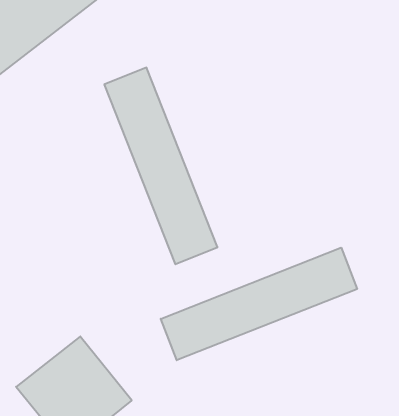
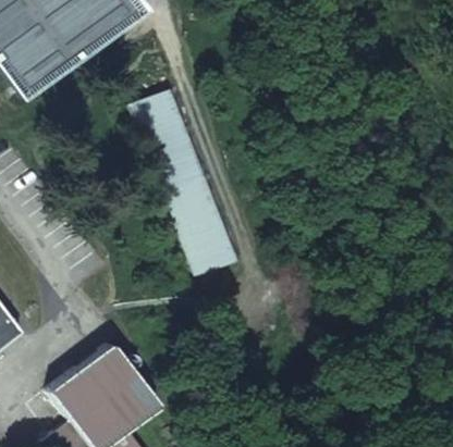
building: [161,248,357,360] -> none

